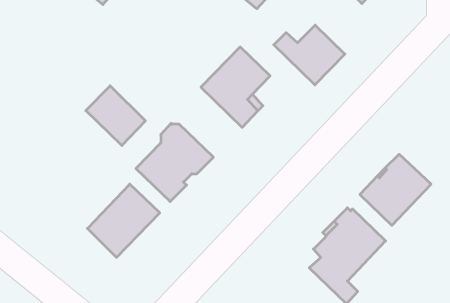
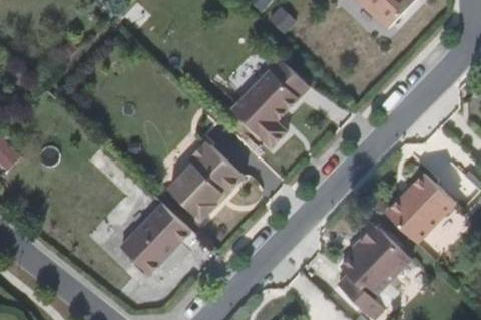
building: [274,25,345,85] -> none
building: [86,86,145,146] -> none

